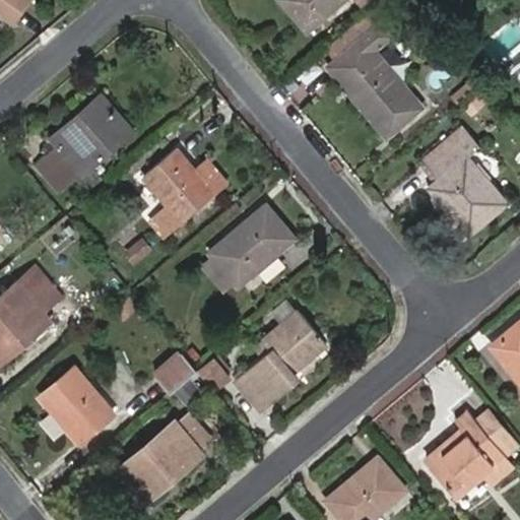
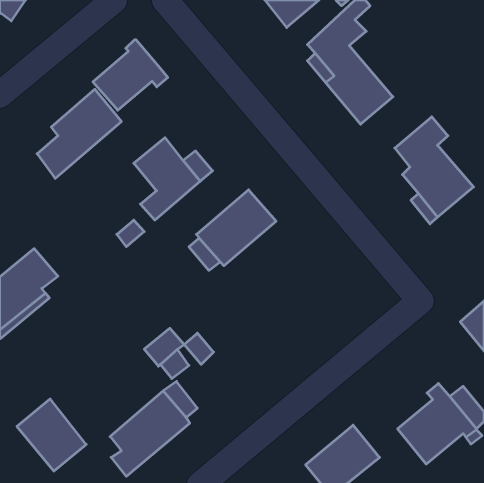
building: none -> [93,40,168,110]
building: [235,311,327,410] -> none
building: [41,368,115,445] -> [17,399,86,471]

